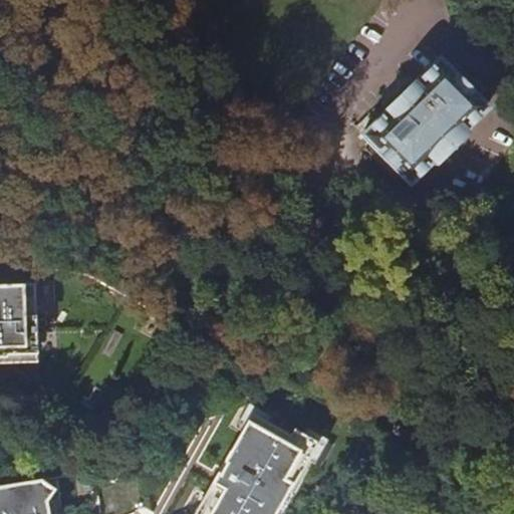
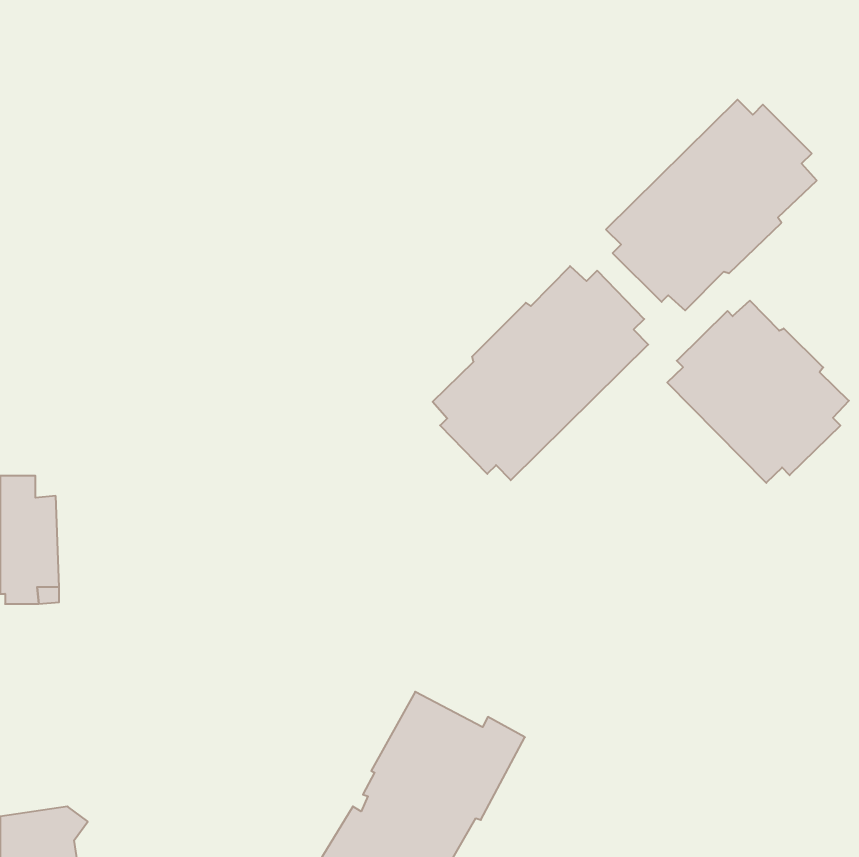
building: none -> [433,266,648,480]
building: none -> [667,301,849,483]

